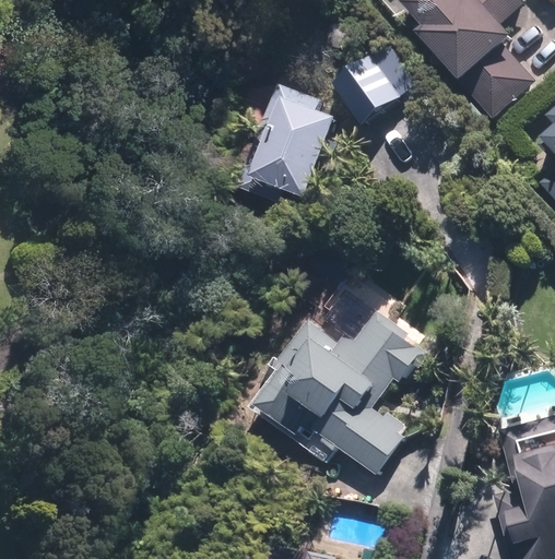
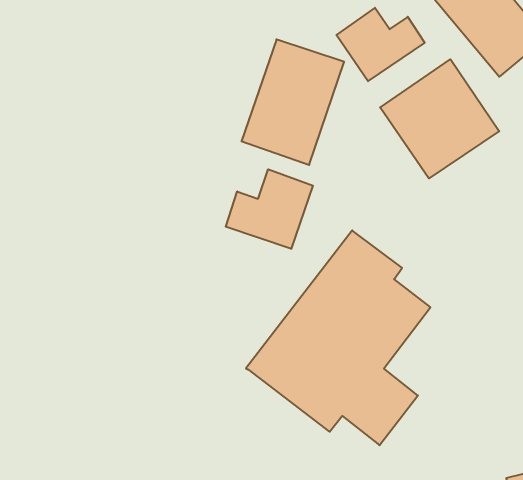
building: none -> [380,59,499,178]
building: none -> [226,169,313,249]

